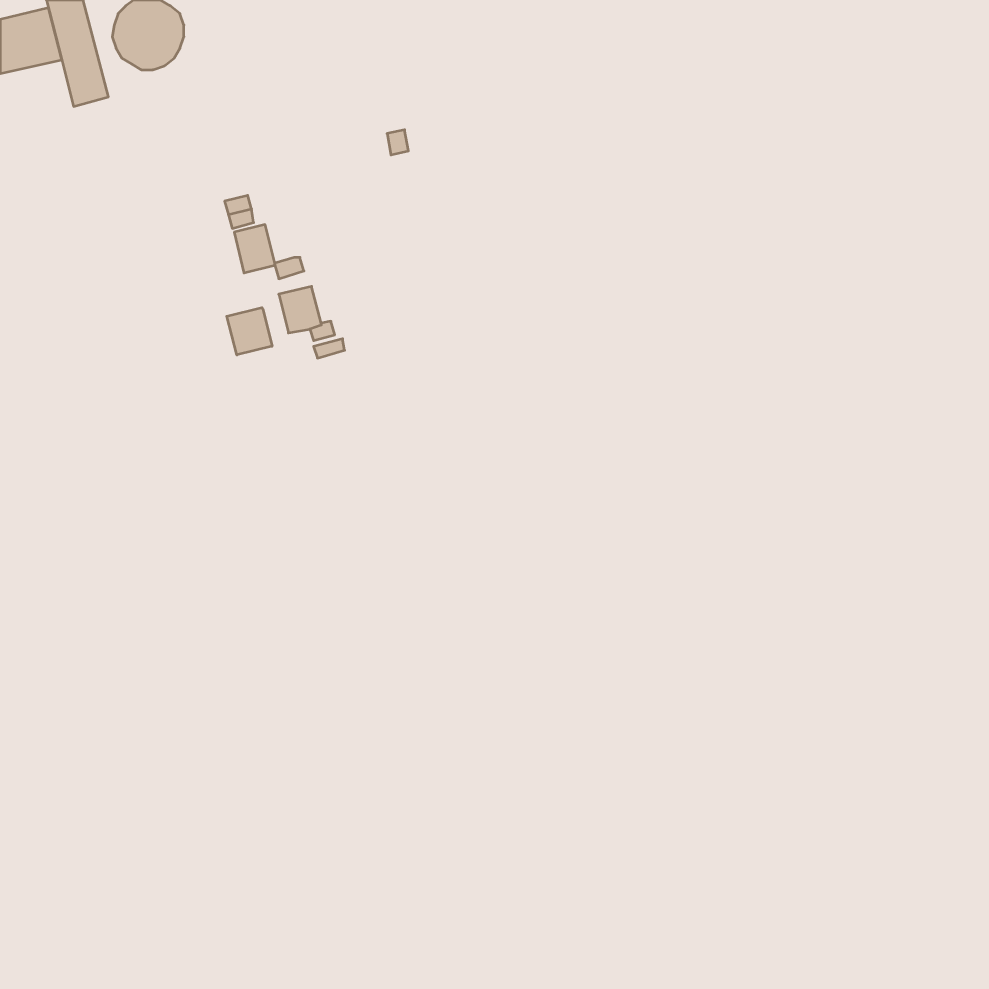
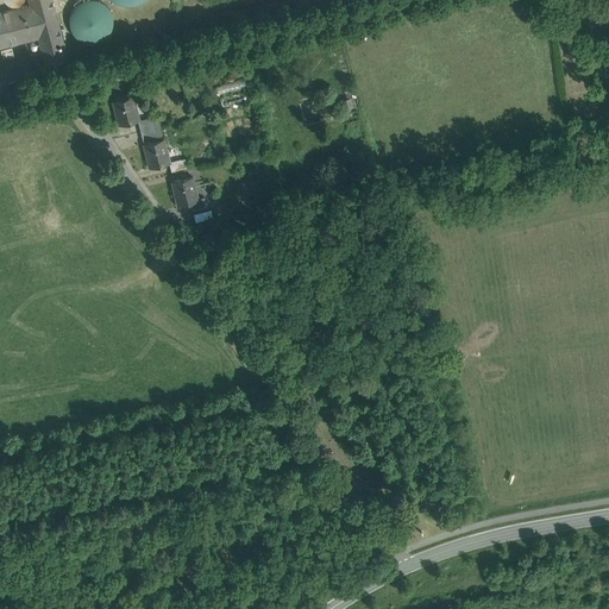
building: none -> [113,95,139,125]
building: [227,308,272,355] -> none

